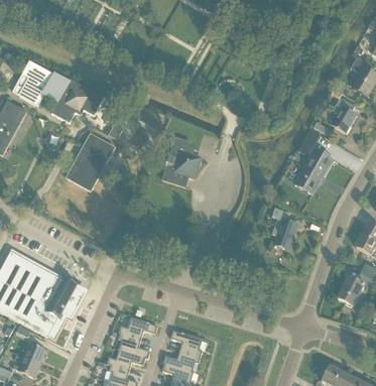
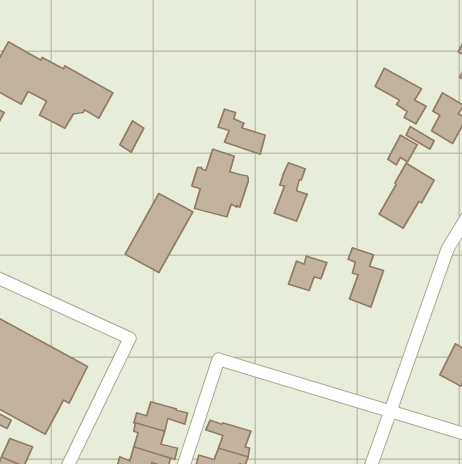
building: none -> [375,68,426,124]
building: none -> [218,109,265,154]
building: [67,133,115,189] -> [125,194,193,273]
building: none -> [274,163,307,221]
building: none -> [289,256,327,291]

